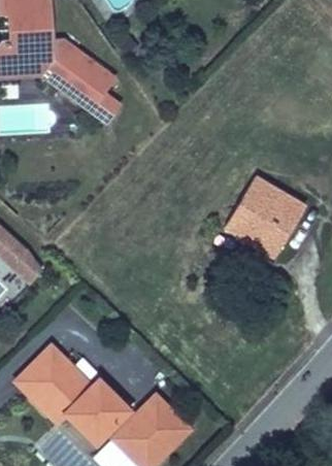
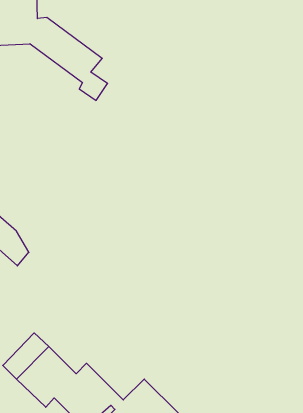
building: [225,177,303,260] -> none

